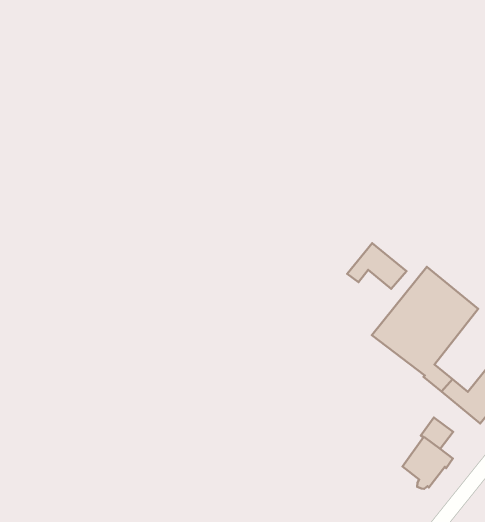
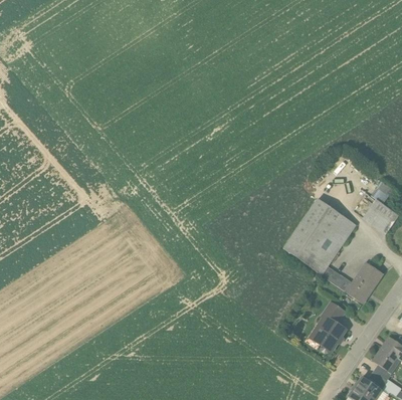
building: [347,243,407,289] -> none

